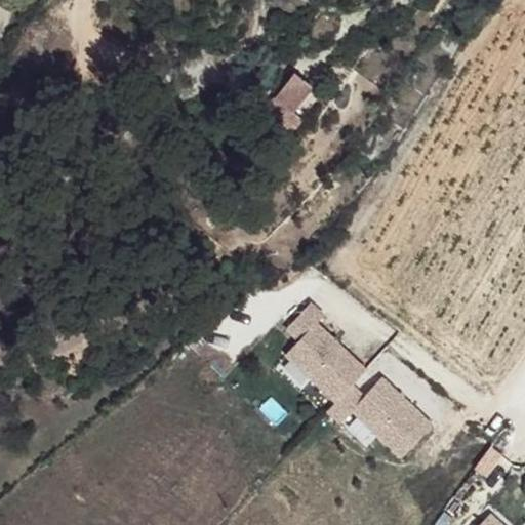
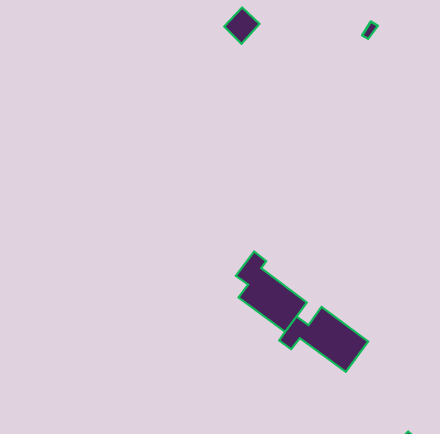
building: [273,78,315,121] -> [224,8,260,44]

